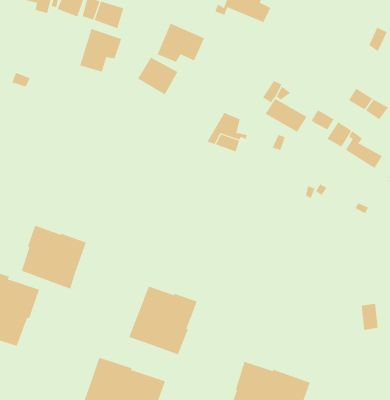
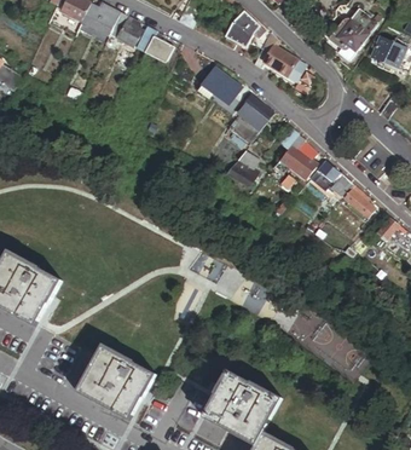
building: [80,28,122,73] -> none
building: [137,57,178,95] -> [237,96,273,131]
building: [21,225,87,289] -> none
building: [129,286,197,355] -> none

